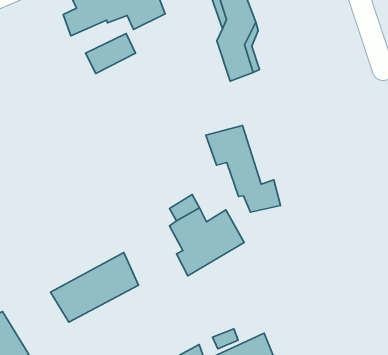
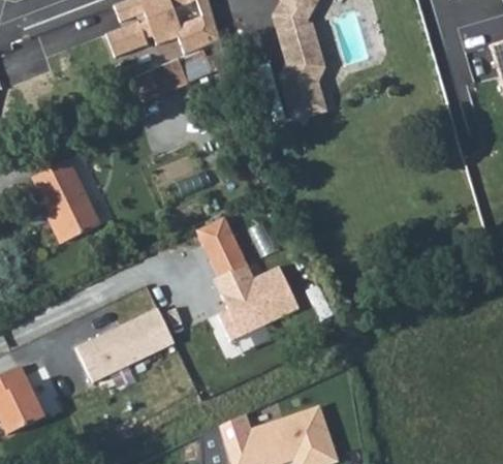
building: [206,125,281,212] -> none
building: none -> [32,159,99,242]
building: none -> [198,216,241,260]

